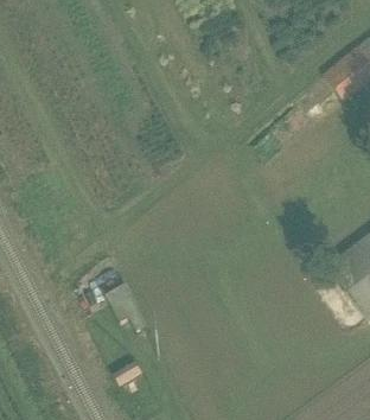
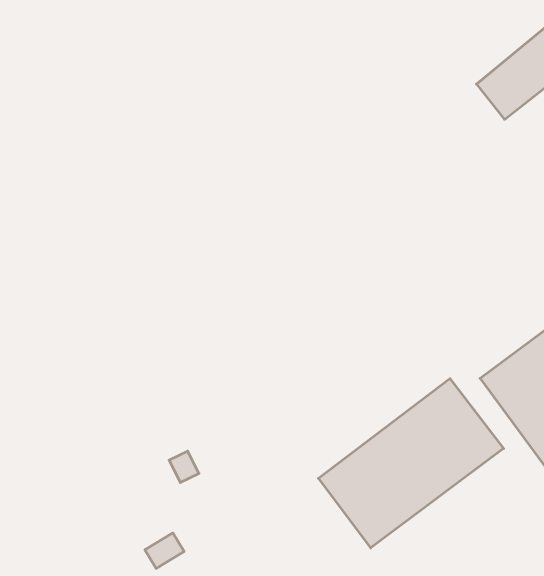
building: none -> [318,379,504,548]

